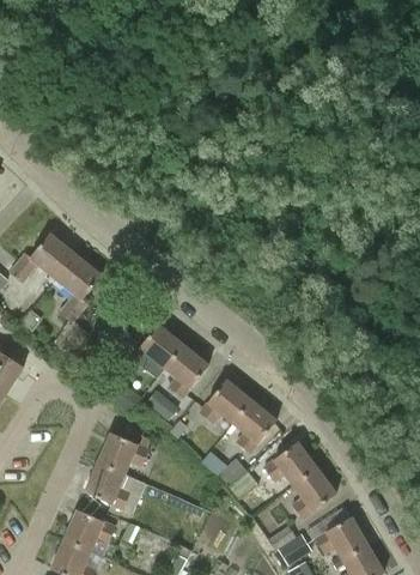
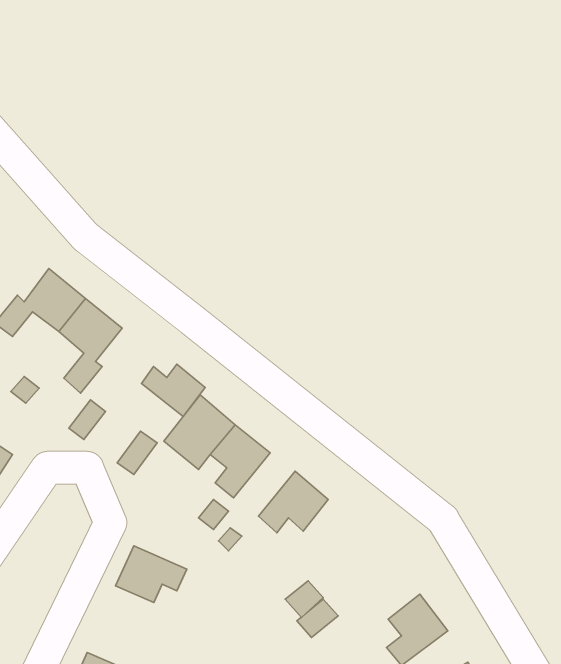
building: none -> [141,364,205,417]
building: [232,399,276,452] -> none
building: [263,441,316,485] -> none
building: [84,461,129,508] -> none

